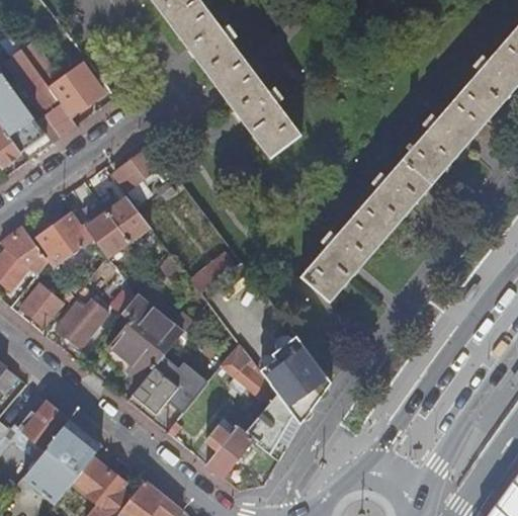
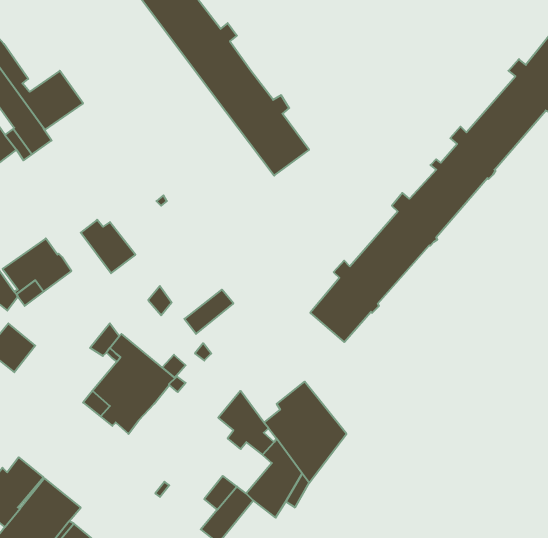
building: [113,149,160,203] -> none
building: [82,199,127,257] -> none
building: [57,300,107,347] -> none
building: [132,355,208,414] -> none

